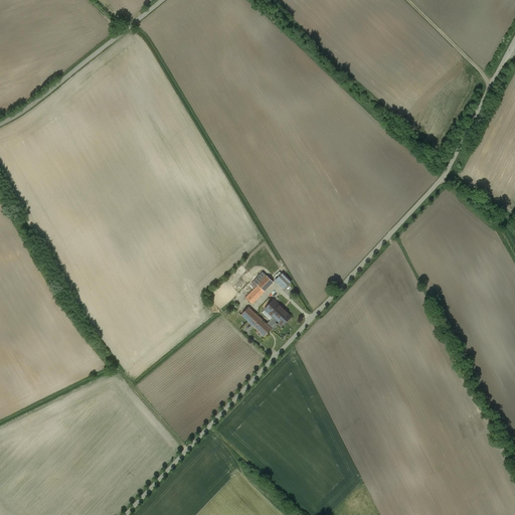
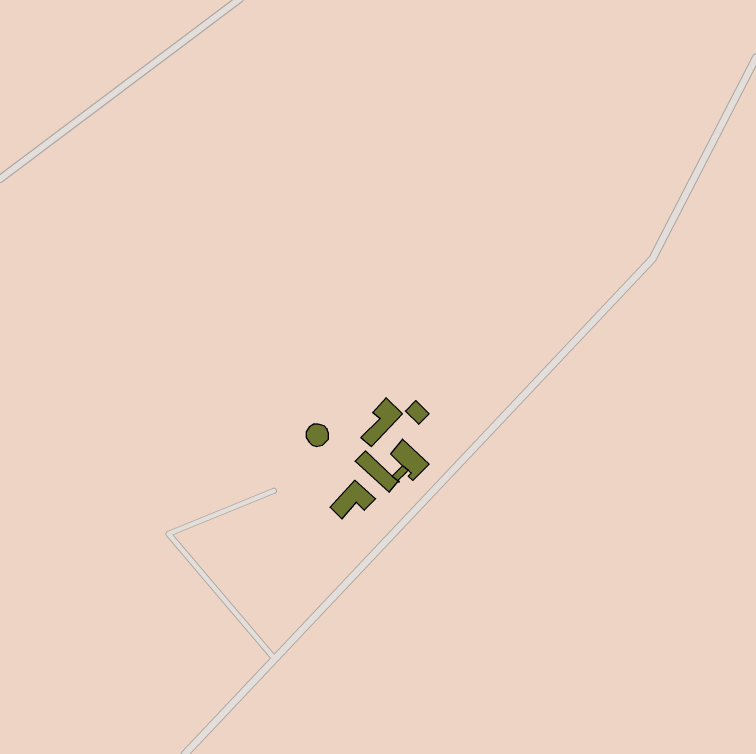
building: none -> [330,480,376,519]

